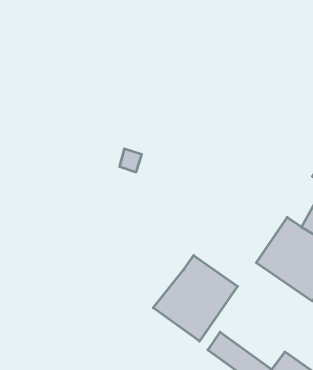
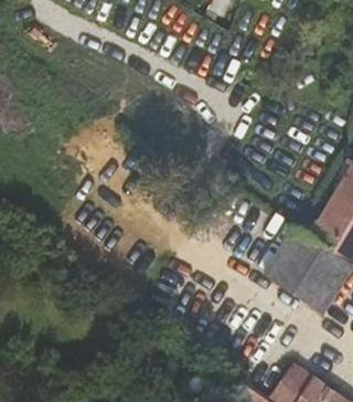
building: [153,255,238,341] -> none

